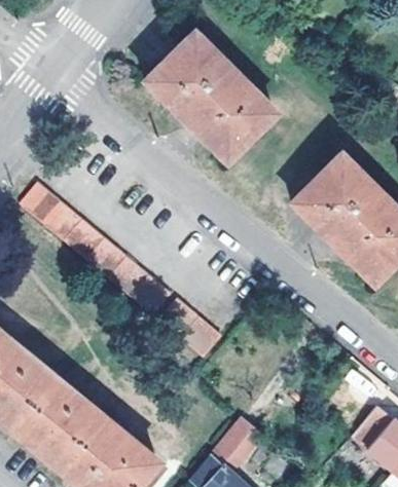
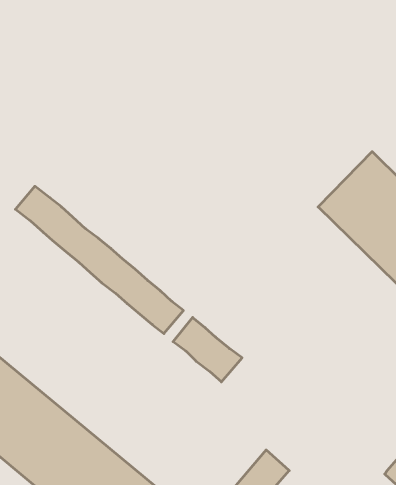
building: [145,30,275,159] -> none

